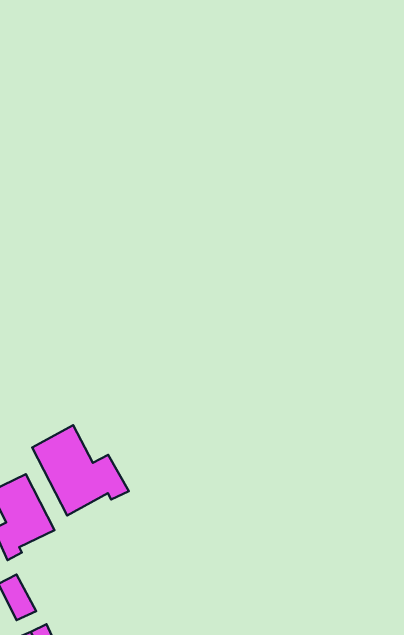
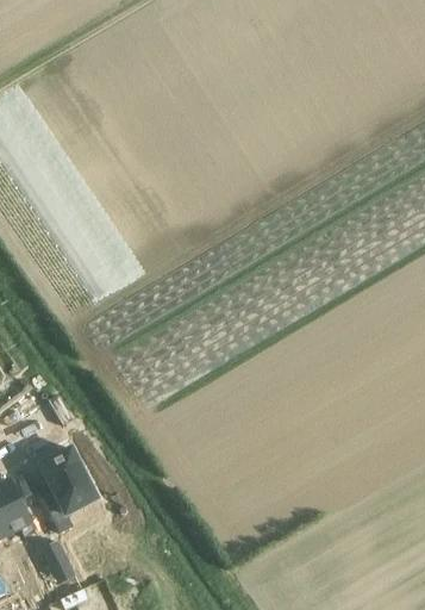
building: [32,425,129,515] -> none

